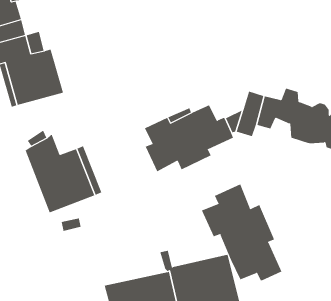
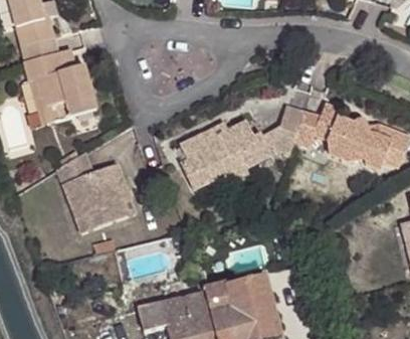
building: [201,184,282,281] -> none

